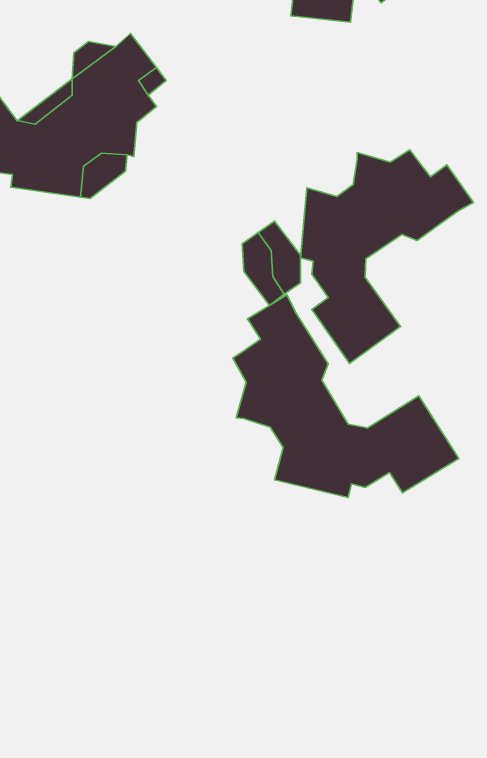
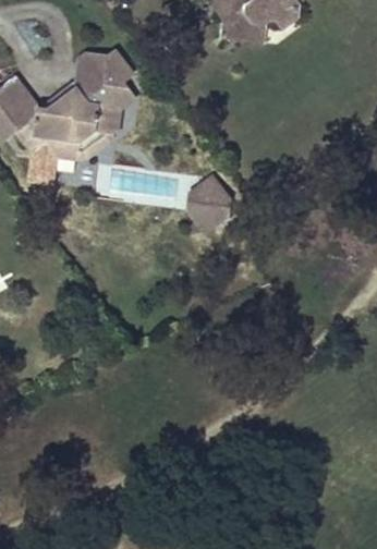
building: [300,150,473,363] -> none
building: [233,295,459,498] -> none

